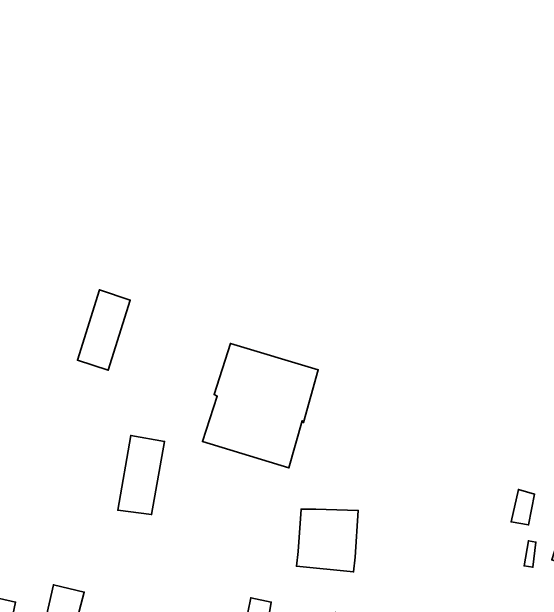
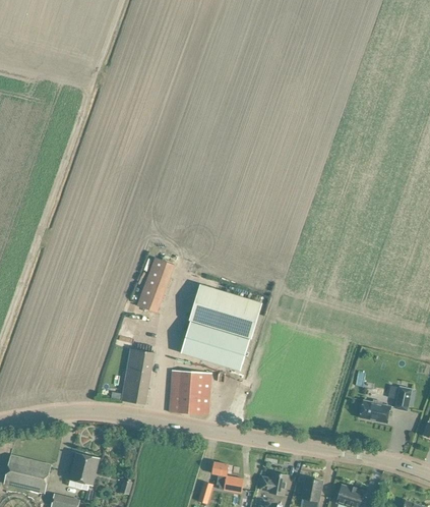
building: [78,290,130,370] -> [144,254,181,309]
building: none -> [359,399,389,424]
building: [297,509,358,572] -> [168,372,210,415]

